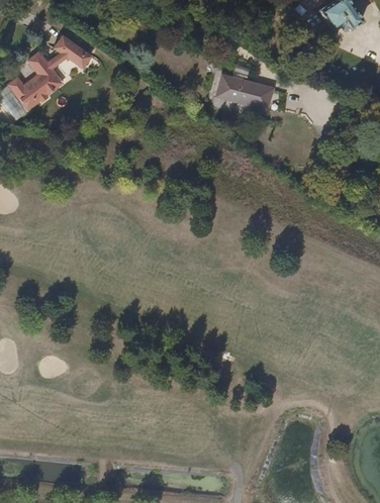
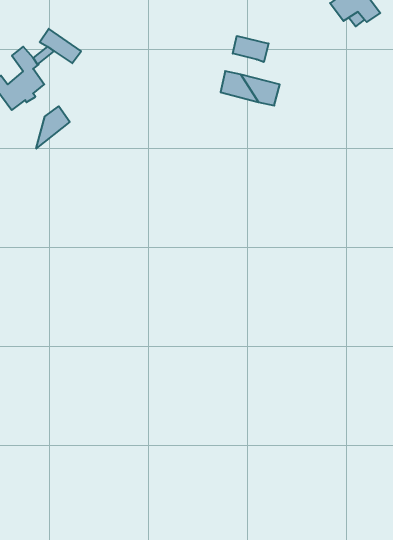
building: none -> [233,36,269,62]
building: none -> [36,106,70,149]

